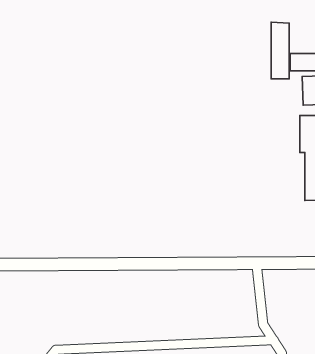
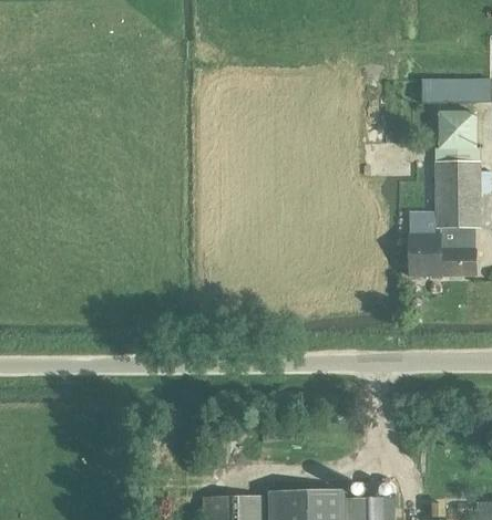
building: [271,22,289,79] -> none
building: none -> [409,214,442,279]

